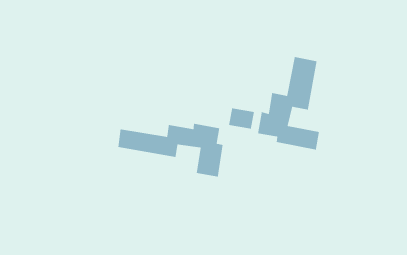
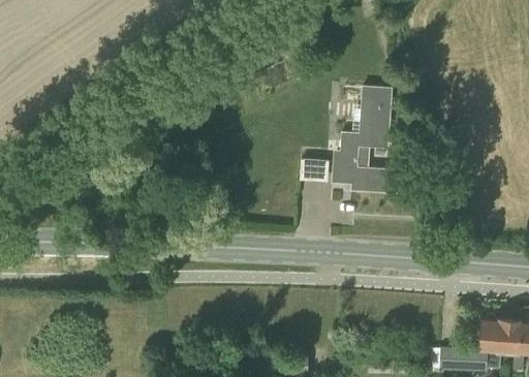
building: [117,123,223,177] -> none

